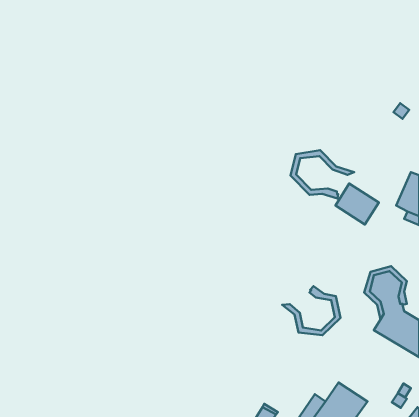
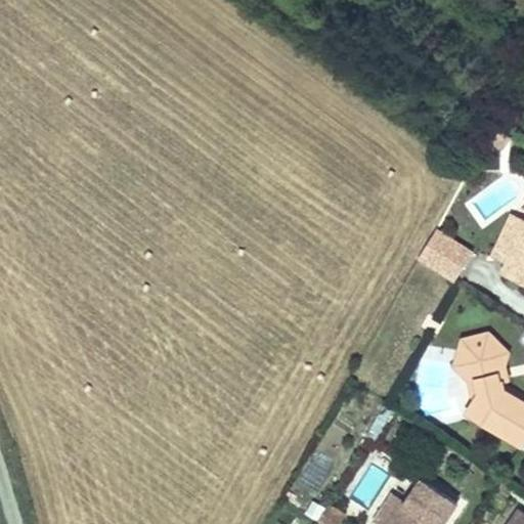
building: [290,150,354,199] -> none
building: [282,286,341,335] -> none

